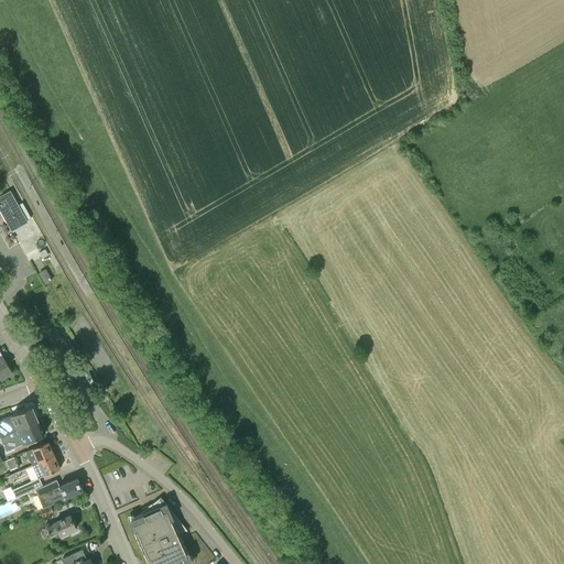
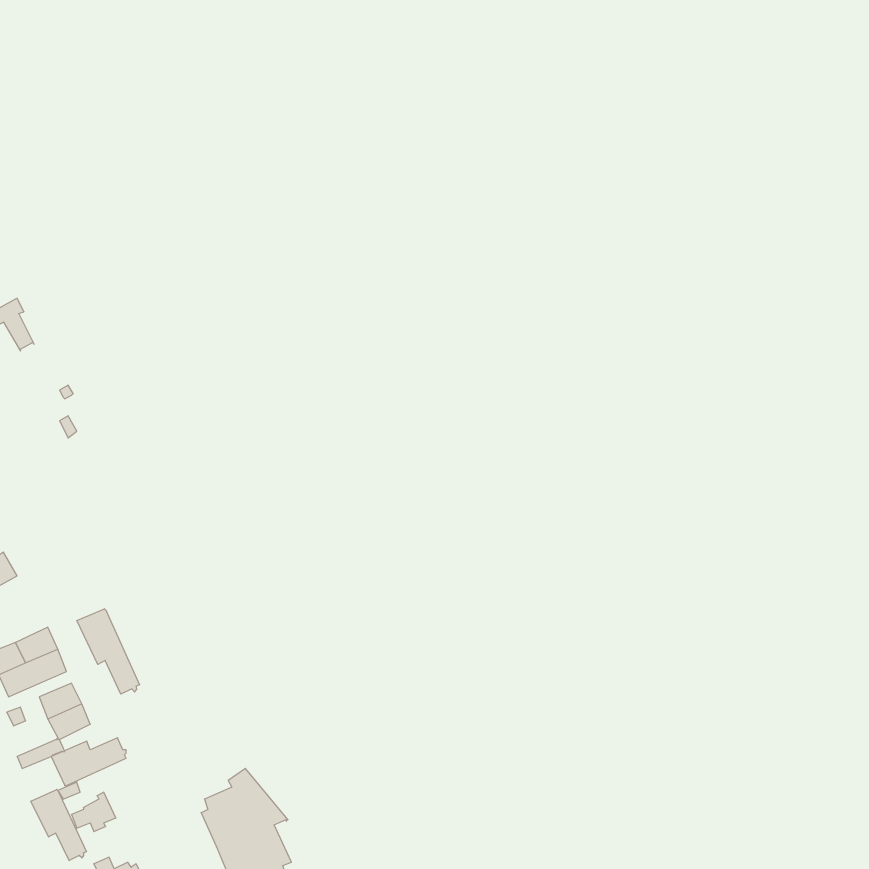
building: none -> [77,609,139,694]
building: none -> [31,789,86,861]

